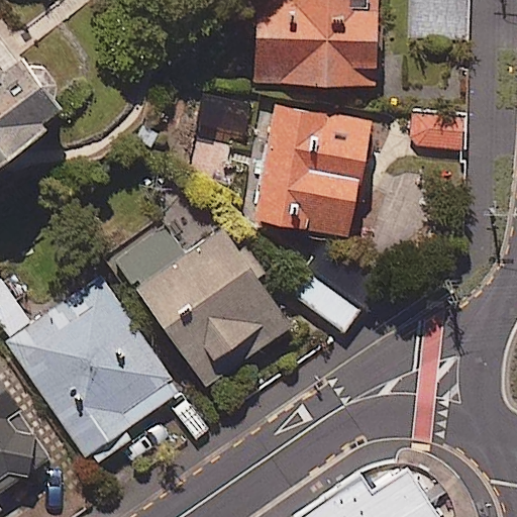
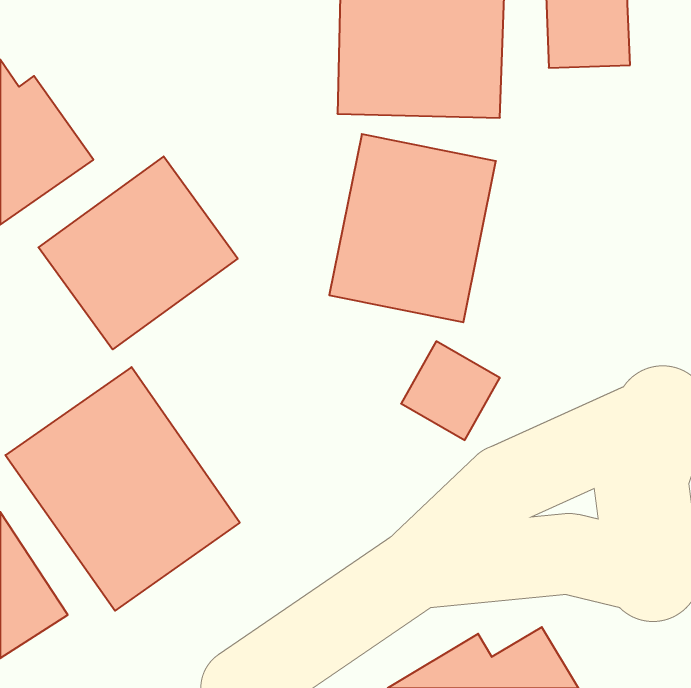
building: none -> [38,156,238,349]
building: [112,222,290,389] -> none

